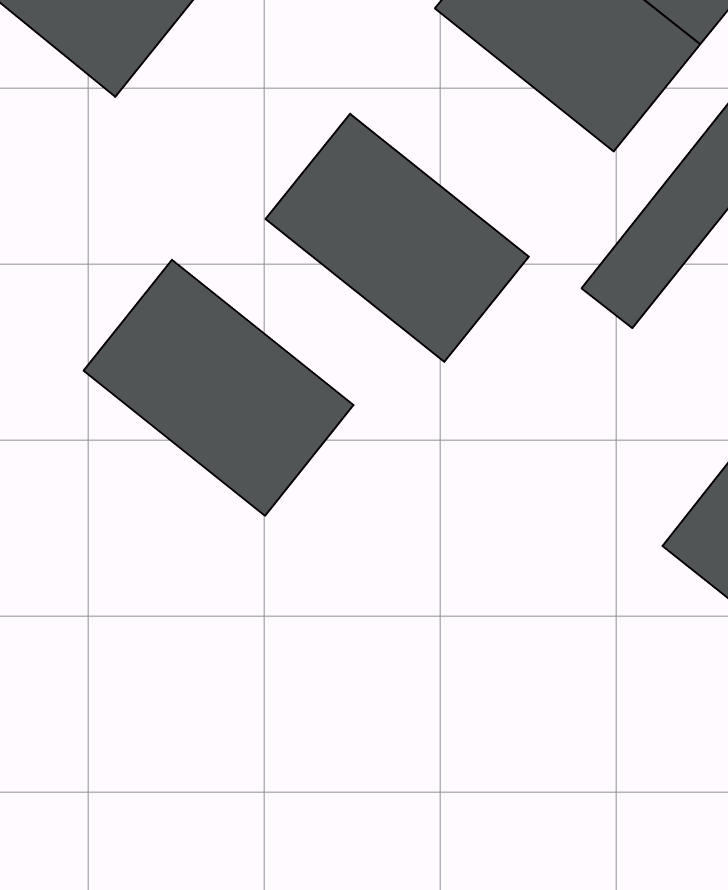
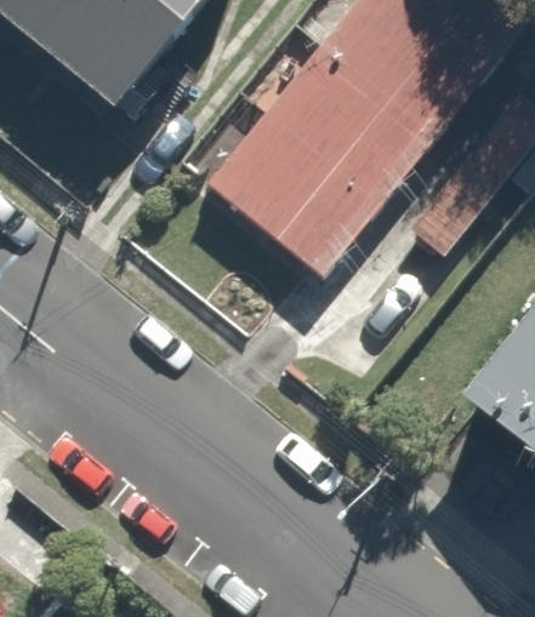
building: none -> [264,47,434,207]
building: [84,260,354,516] -> none

